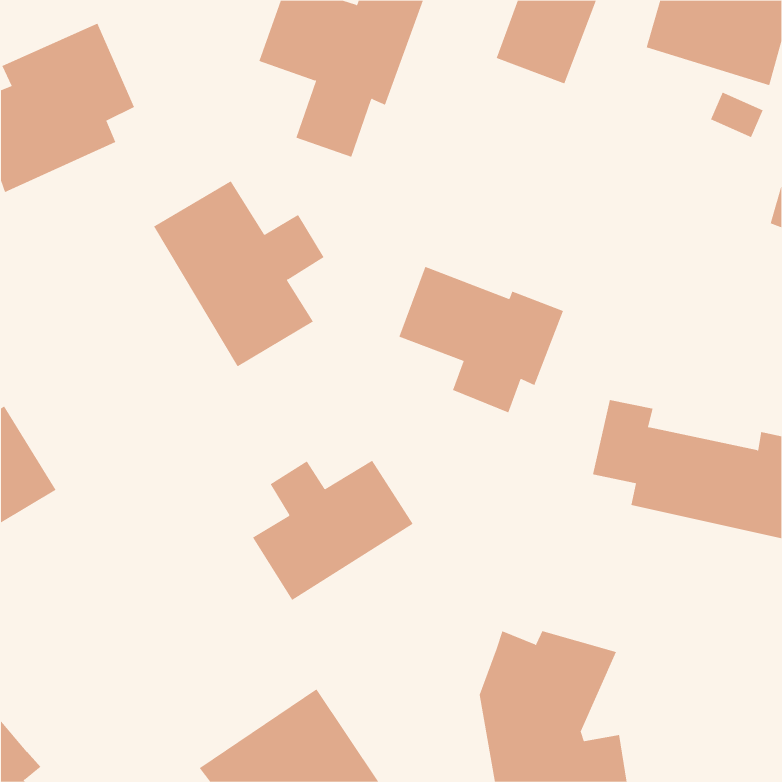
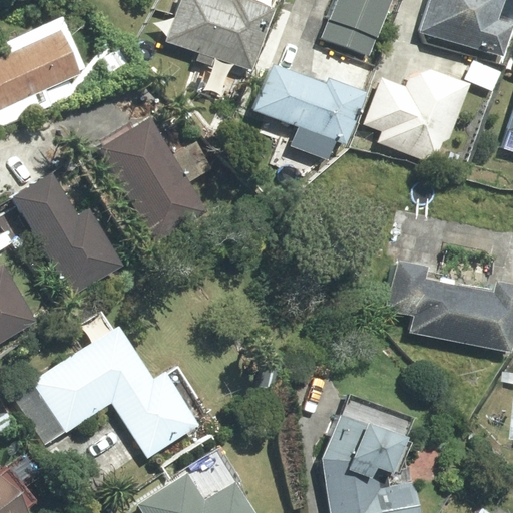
building: none -> [365,69,470,162]
building: none -> [13,174,123,296]
building: [399,266,564,413] -> [255,64,364,160]
building: [252,460,413,601] -> none
building: none -> [8,330,196,460]

